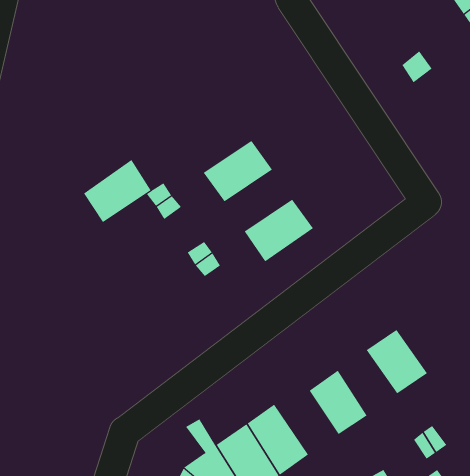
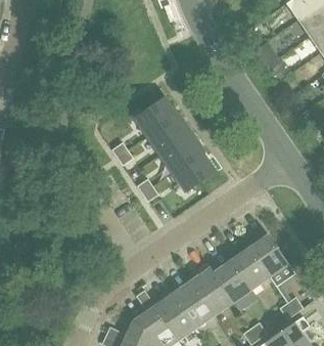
building: [83,159,151,223] -> [134,96,177,136]
building: none -> [159,134,202,173]
building: none -> [231,248,268,289]
building: none -> [191,264,231,313]

